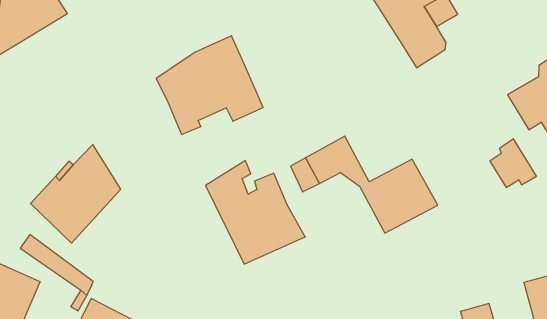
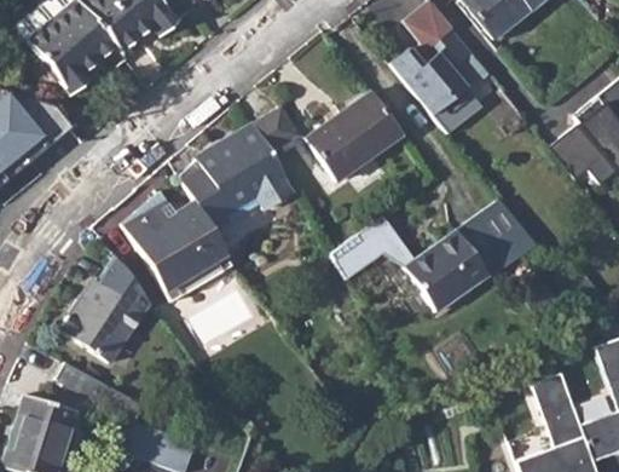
building: none -> [306,92,400,182]
building: none -> [250,108,296,155]
building: [490,139,536,187] -> [481,200,532,252]
building: [206,161,305,264] -> [122,194,233,303]

